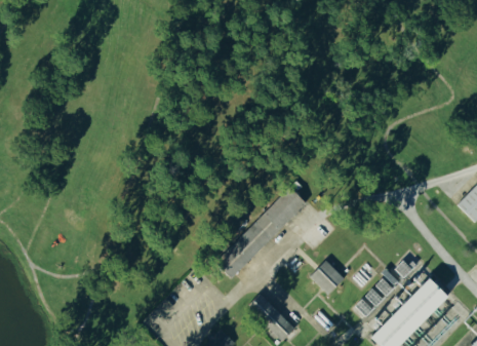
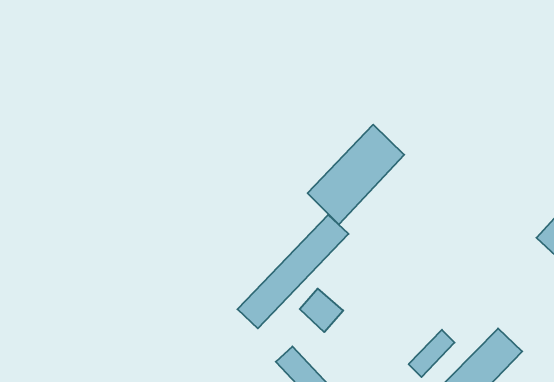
building: none -> [308,125,404,225]
building: [311,260,346,295] -> [300,289,343,332]

